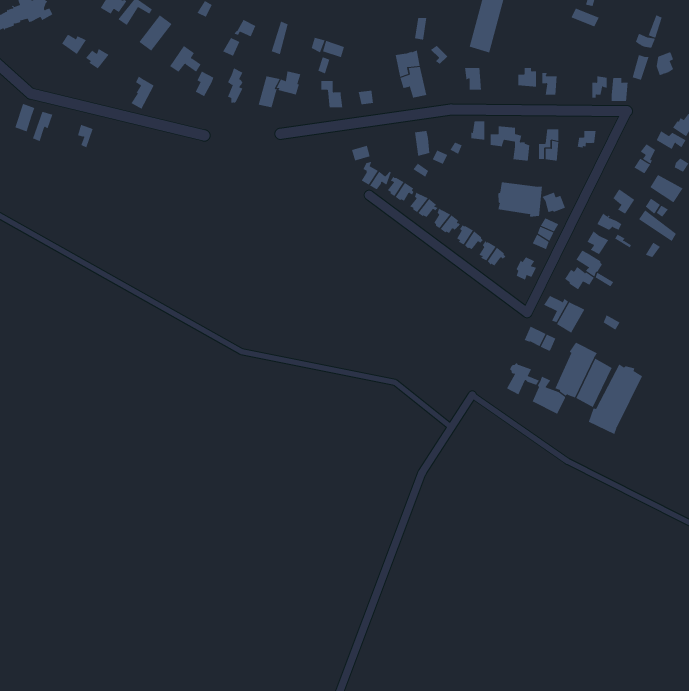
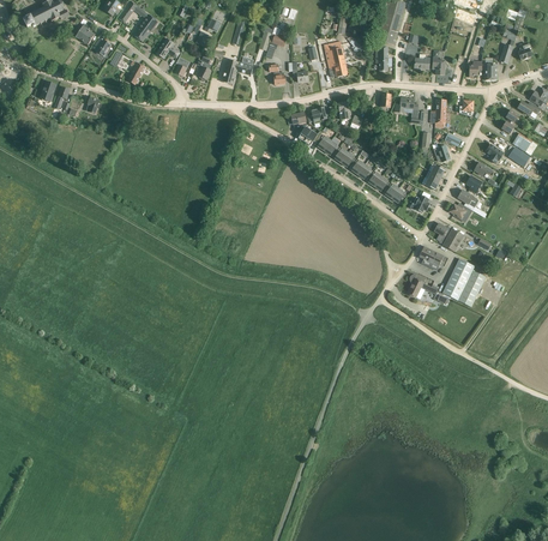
building: [498,182,543,217] -> none
building: [588,363,643,435] -> none

